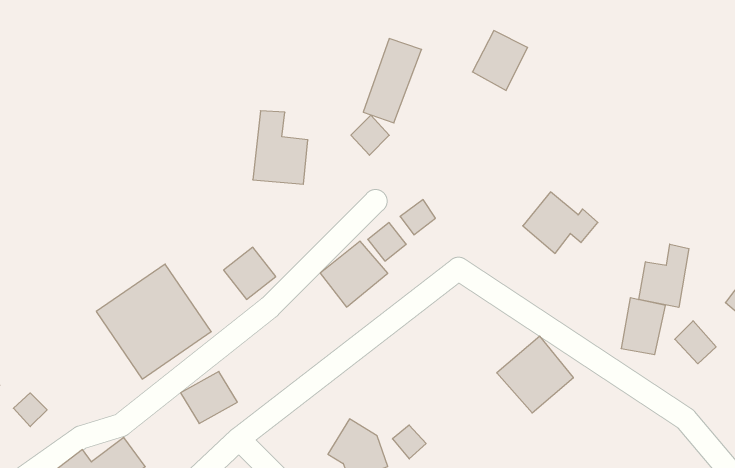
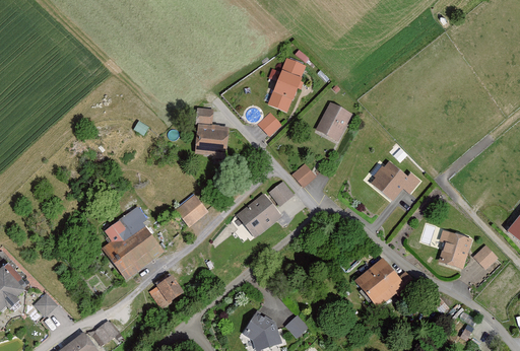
building: [472,31,528,90] -> [317,101,353,141]
building: [639,244,689,307] -> none

